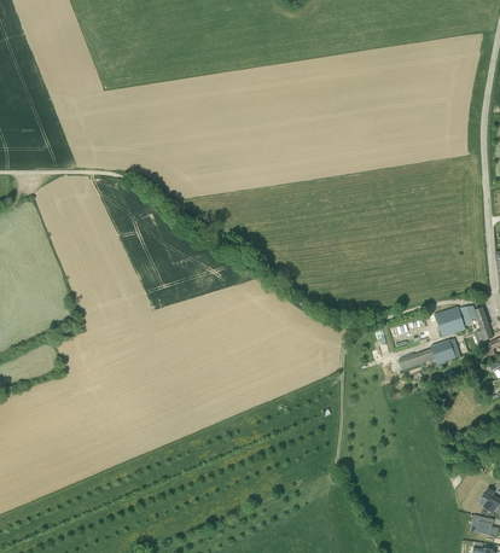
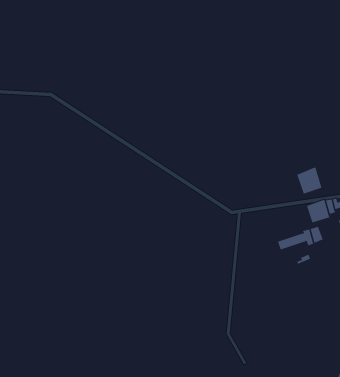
building: none -> [296,167,322,194]

